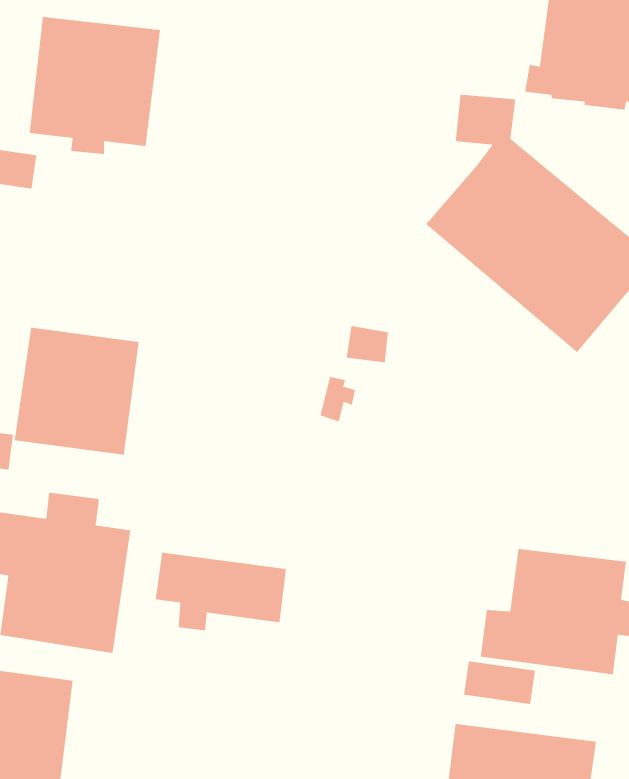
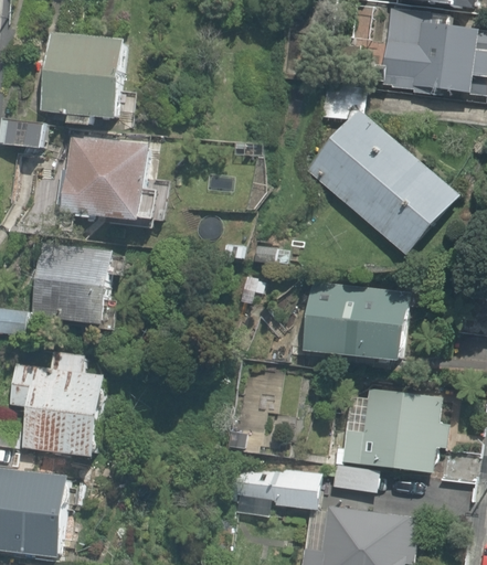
building: none -> [56,135,150,222]
building: none -> [303,280,407,360]
building: [155,552,287,631] -> [233,463,321,516]

